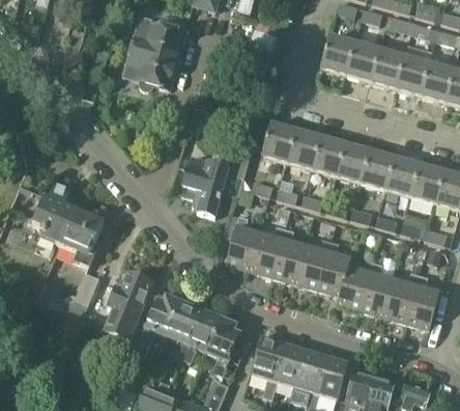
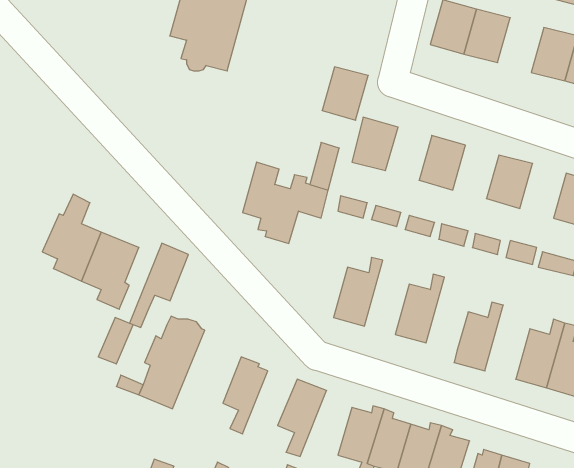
building: [369,48,403,88] -> none
building: [286,129,320,168] -> [322,67,368,120]
building: [336,142,370,182] -> none
building: [385,156,420,196] -> none
building: [225,215,258,270] -> none
building: [270,227,304,282] -> none
building: [316,240,351,295] -> none
building: [360,261,393,316] -> none
building: [136,291,179,353] -> [129,243,188,327]
building: [180,309,221,360] -> none

